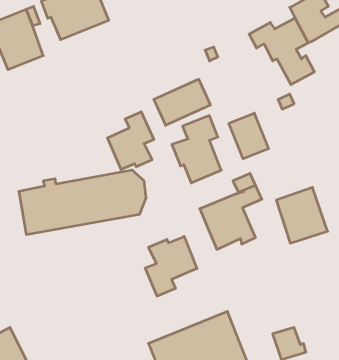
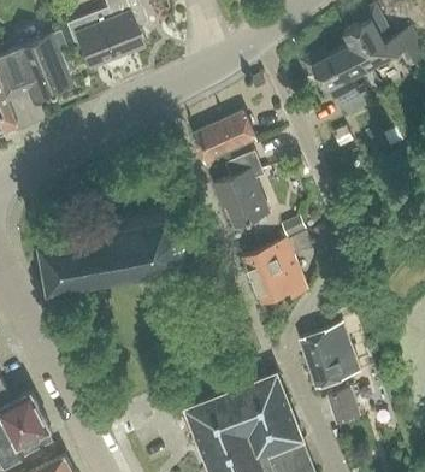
building: [107,112,154,170] -> none
building: [229,113,269,159] -> none
building: [276,187,328,243] -> [300,325,358,388]
building: [145,236,197,296] -> none

